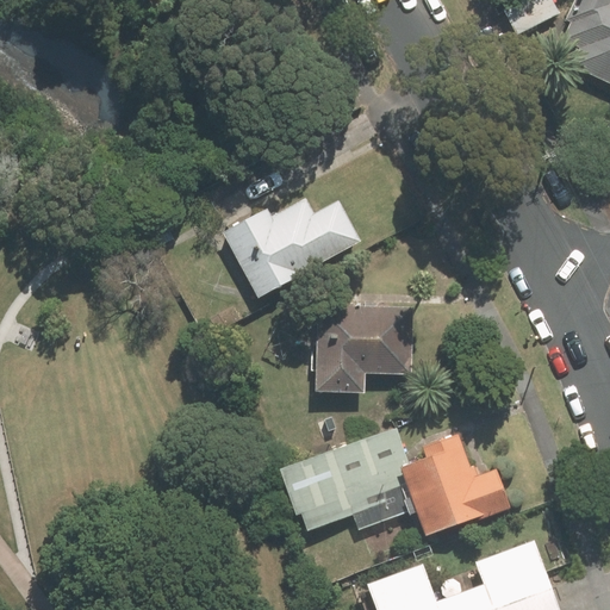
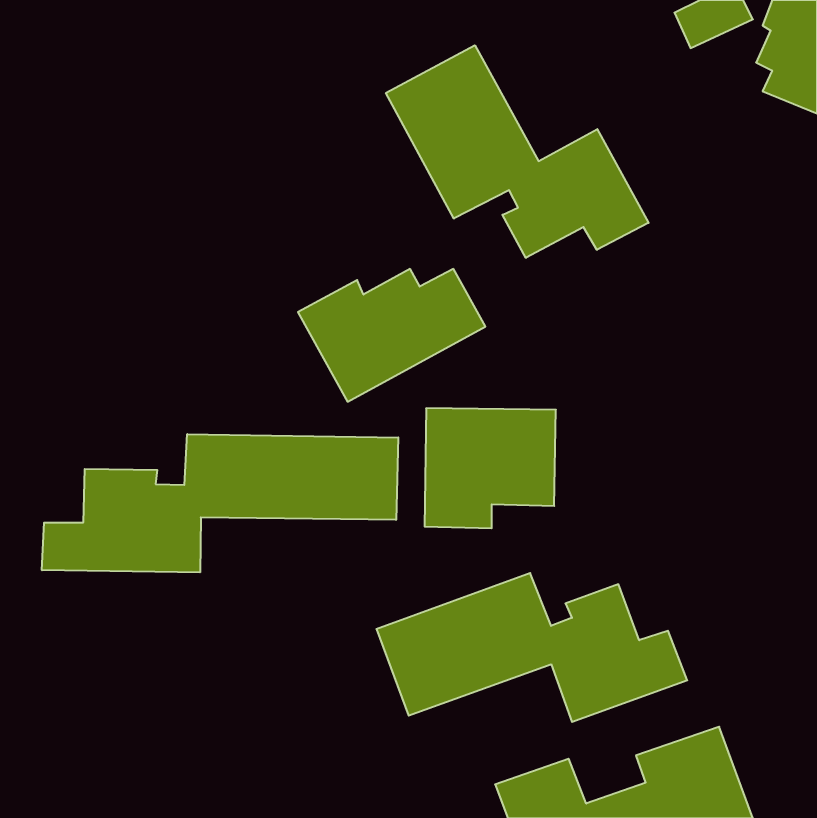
building: none -> [386,45,649,258]
building: none -> [42,434,398,572]

